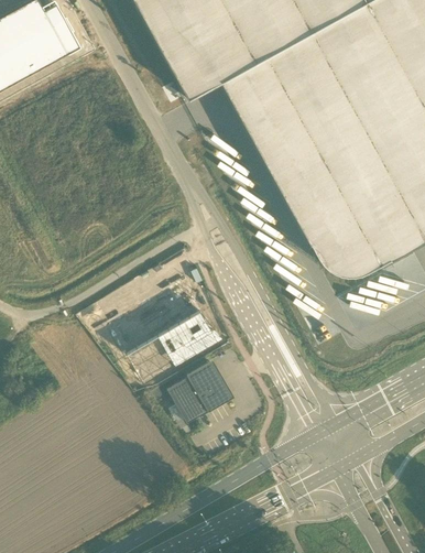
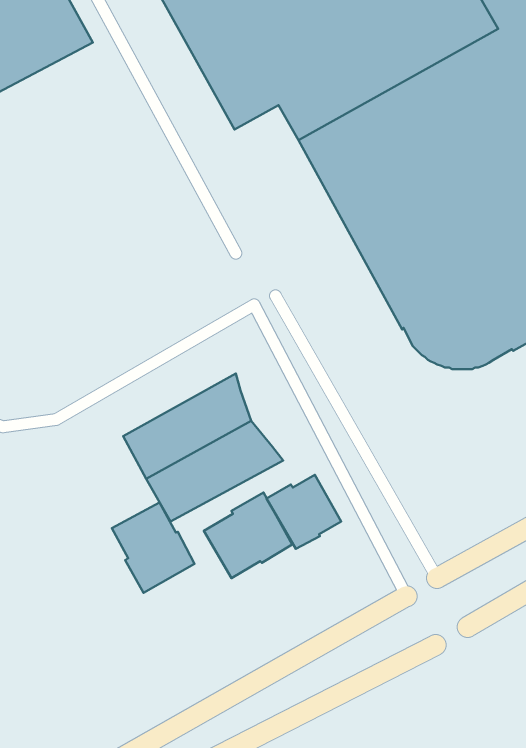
building: none -> [267,475,341,549]
building: none -> [112,502,195,593]

